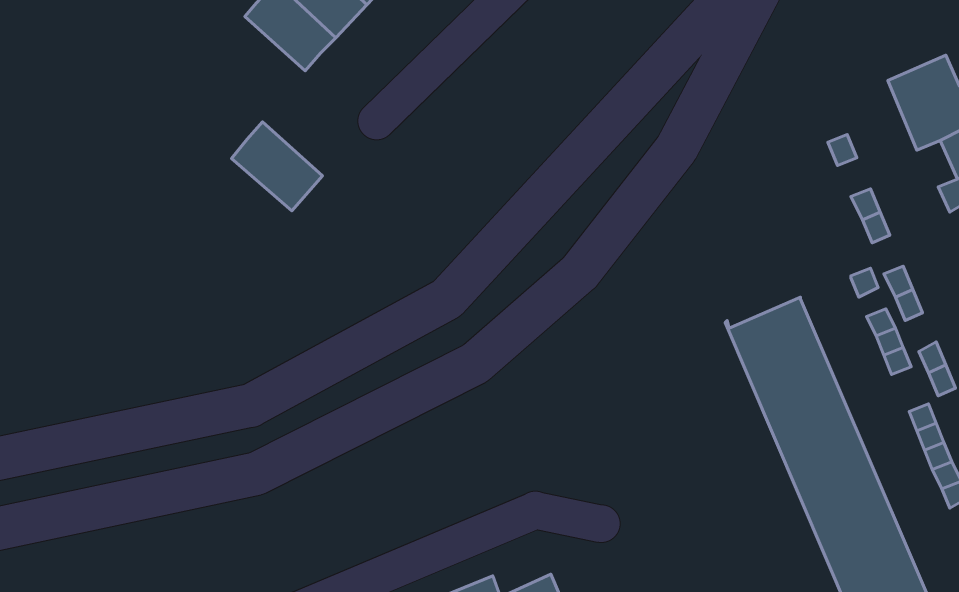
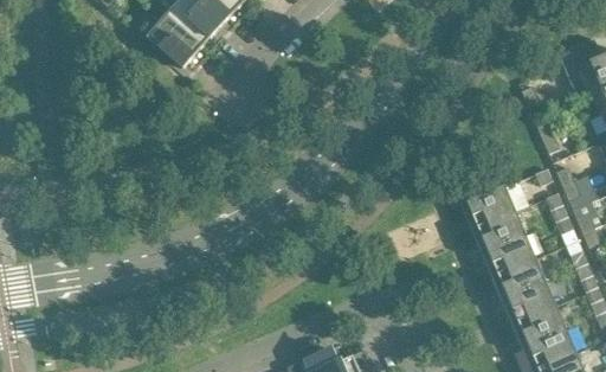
building: [232,122,323,211] -> [144,13,200,68]

